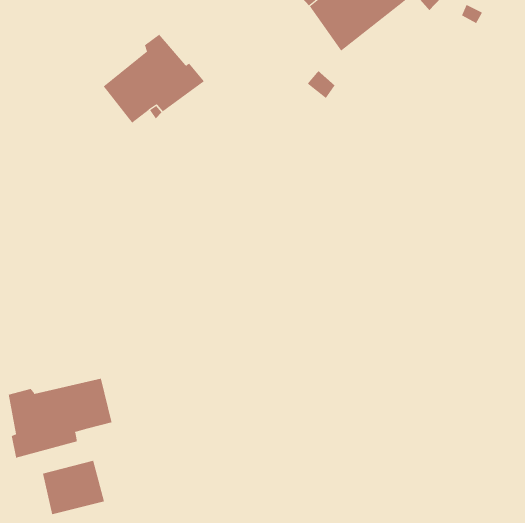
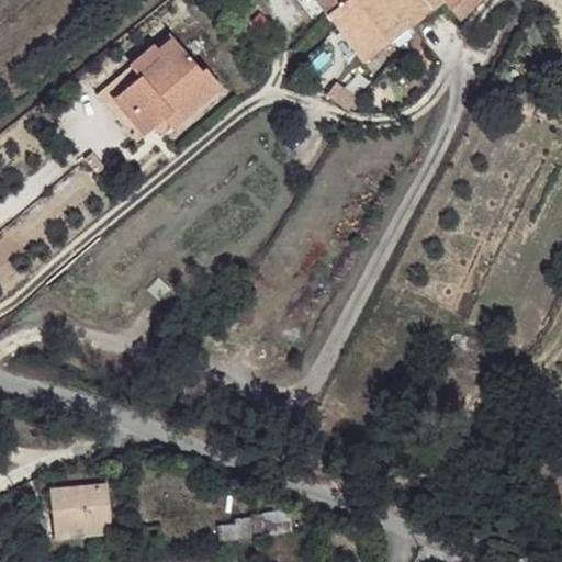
building: [8,378,112,459] -> none

